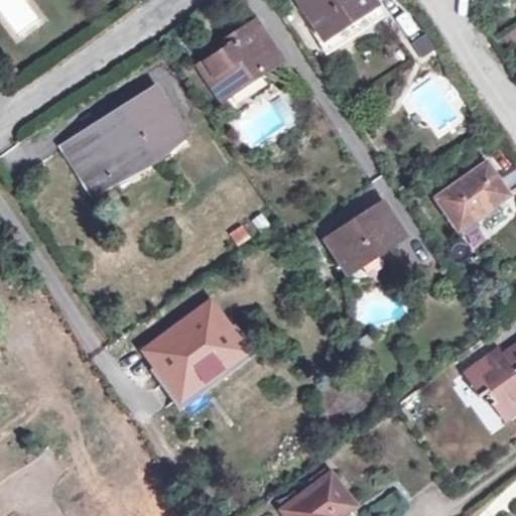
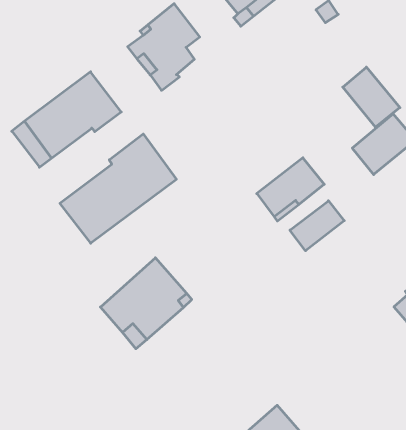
building: none -> [343,67,400,127]
building: none -> [60,134,176,243]
building: none -> [290,201,344,251]

